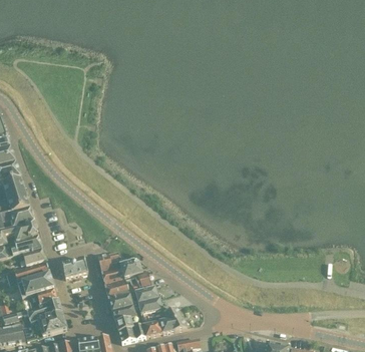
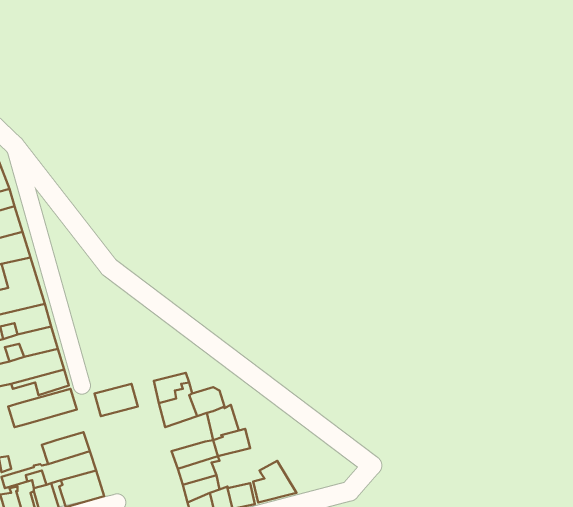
building: [18,274,54,298] -> none
building: [105,276,135,300] -> none
building: [138,297,165,320] -> none

